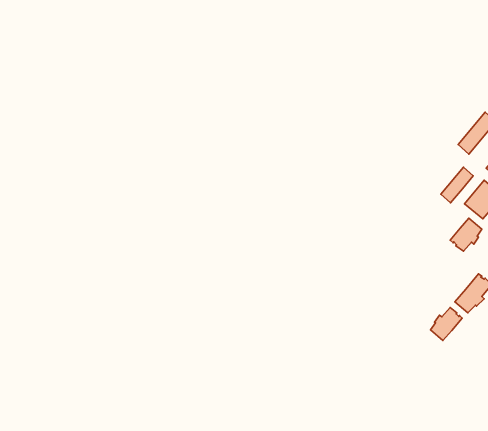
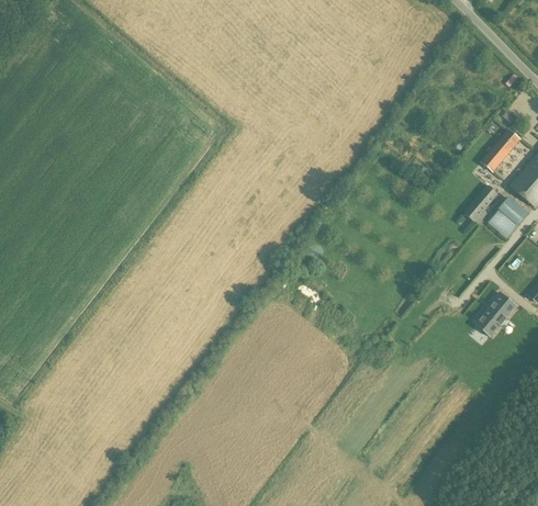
building: [450,218,482,251] -> none
building: [431,308,462,340] -> none

